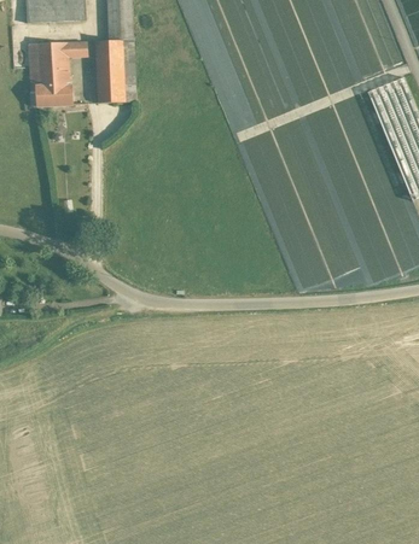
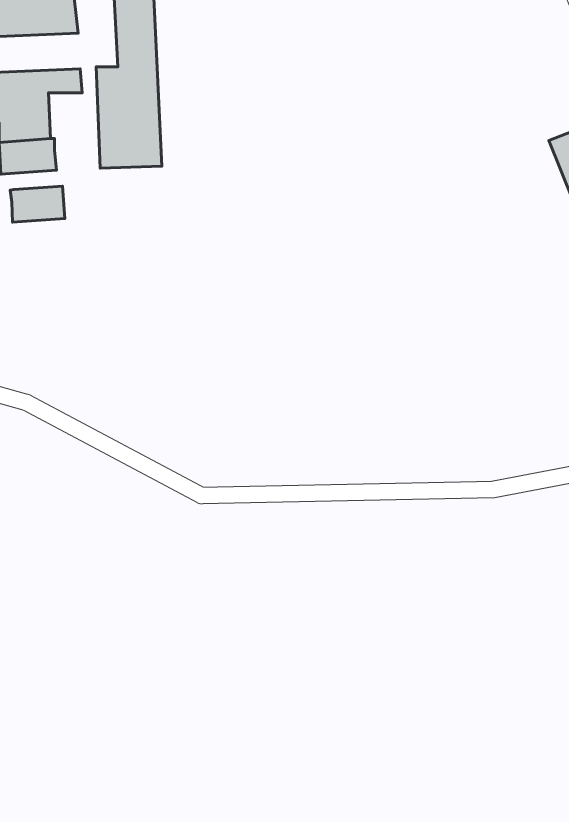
building: none -> [10,186,65,222]

